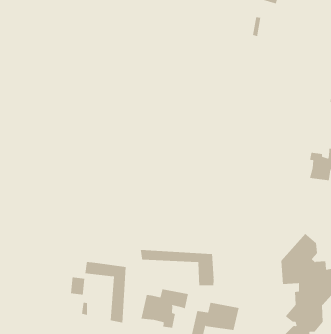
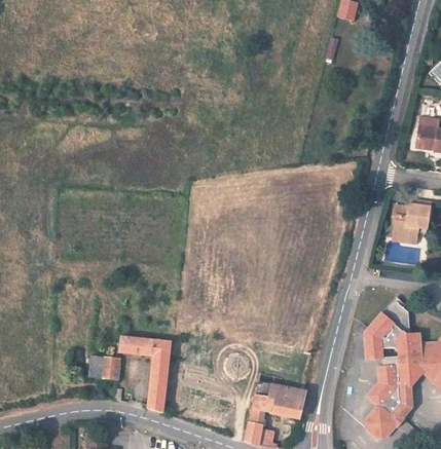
building: [140,249,214,286] -> none
building: [141,288,189,328] -> none

